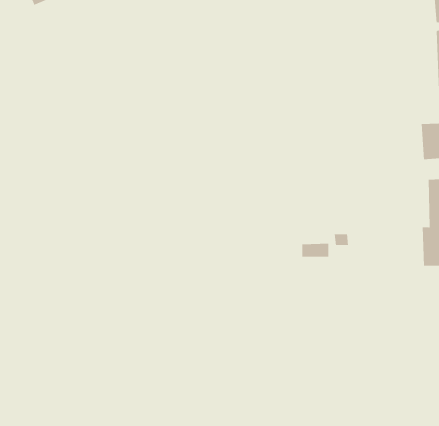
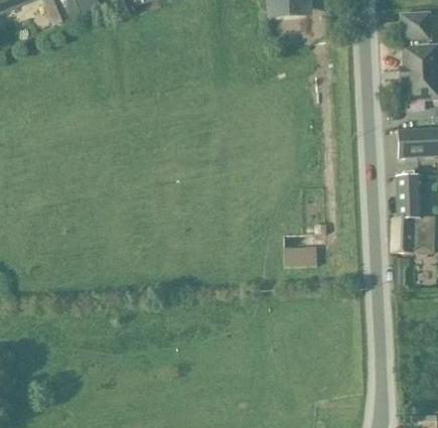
building: none -> [284,246,318,266]

